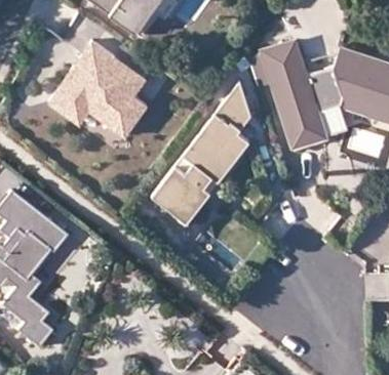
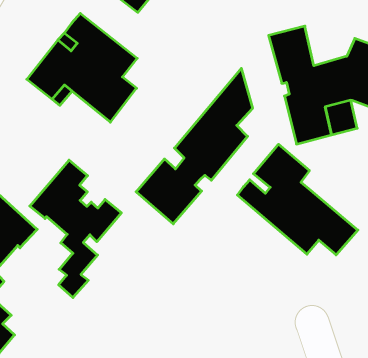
building: none -> [237,144,358,255]
building: none -> [30,160,121,298]

